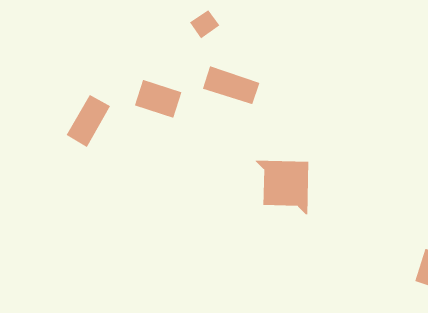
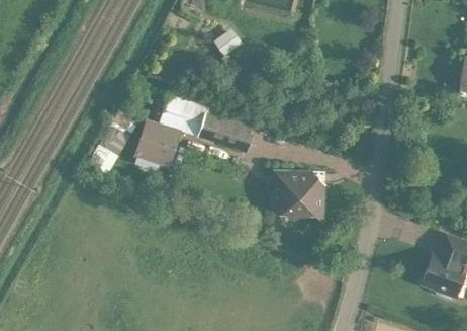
building: [202,65,260,105] -> [198,113,253,151]
building: none -> [134,122,179,168]

